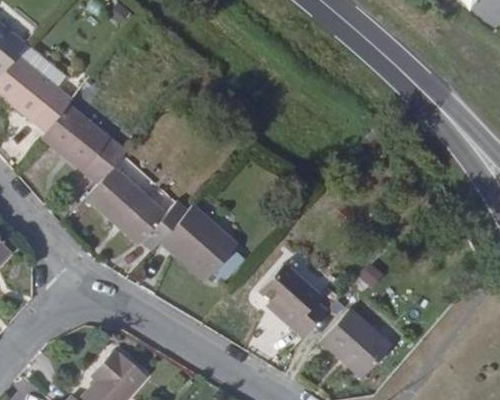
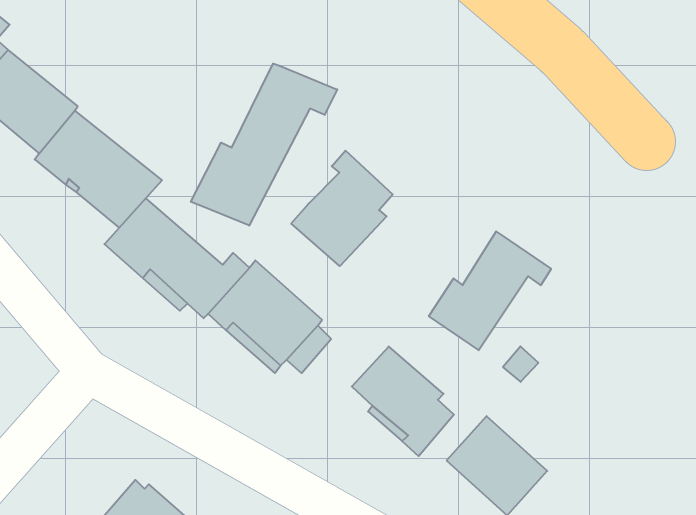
building: none -> [191,64,337,226]
building: none -> [291,151,393,266]
building: none -> [429,231,551,350]

